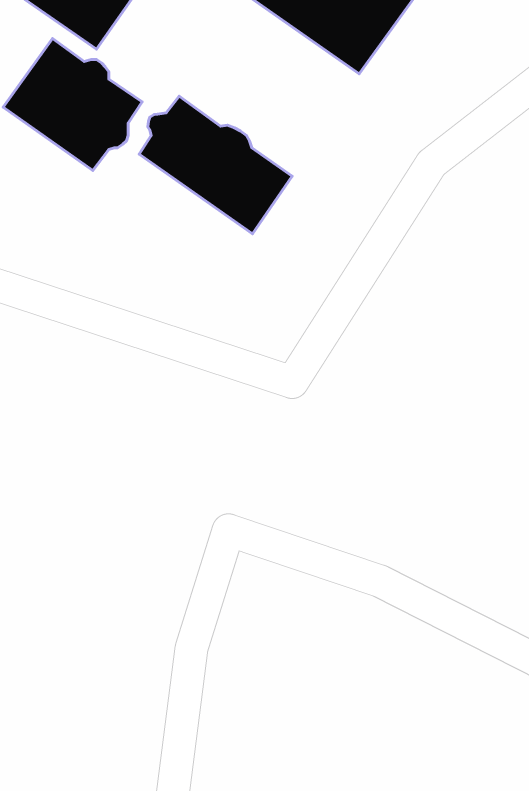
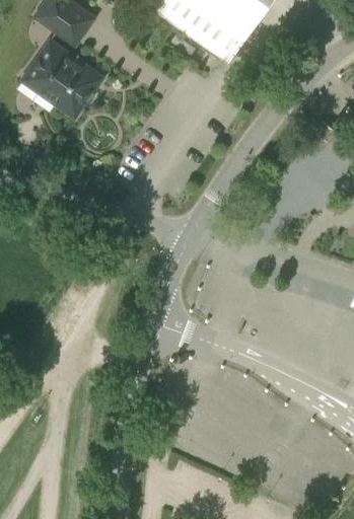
building: [139,96,292,234] -> none

